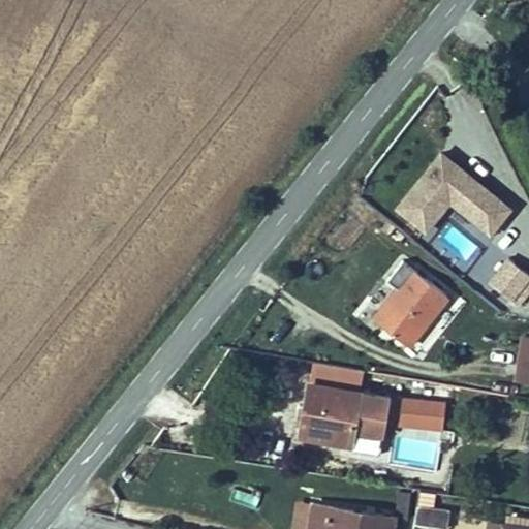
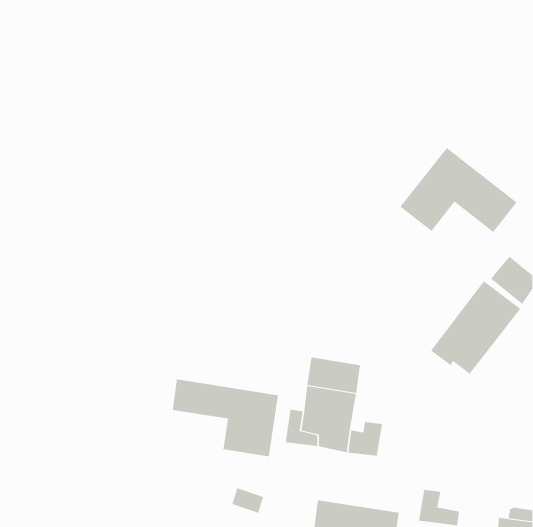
building: [367,266,457,359] -> [430,281,521,375]
building: none -> [172,379,278,457]
building: [347,396,383,434] -> none
building: [400,399,447,434] -> none

